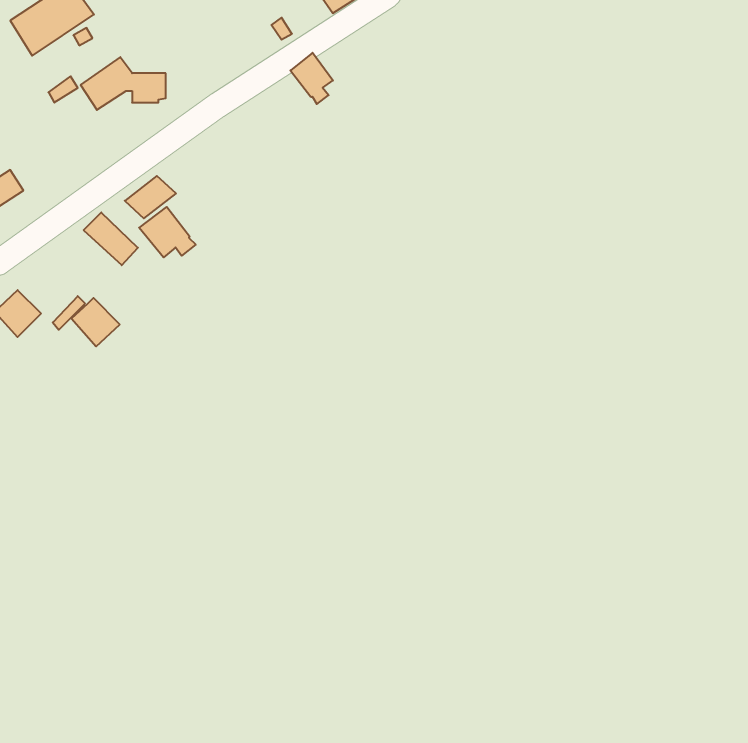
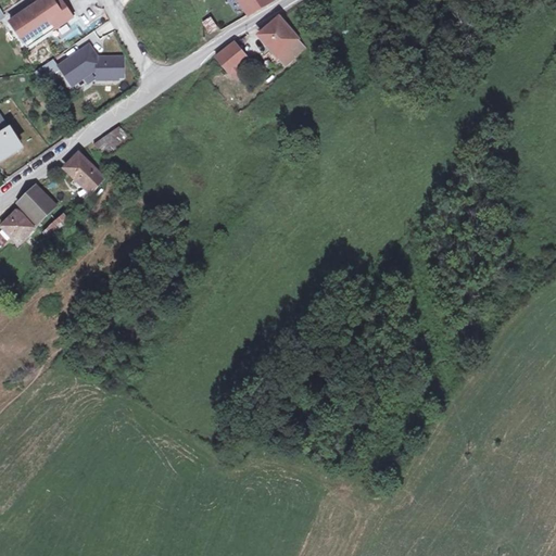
building: none -> [256,14,305,64]
building: [139,207,196,257] -> none
building: [71,298,120,346] -> [20,184,55,219]

